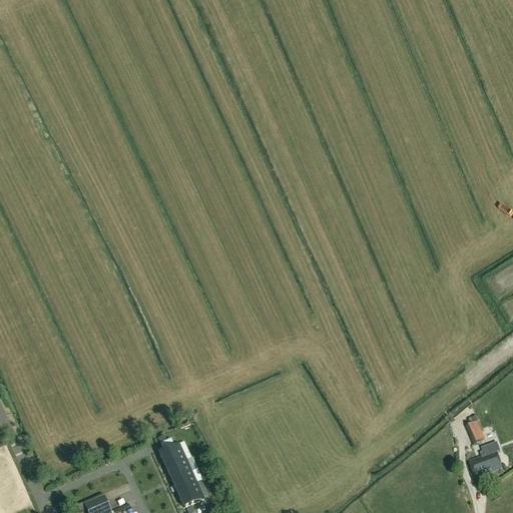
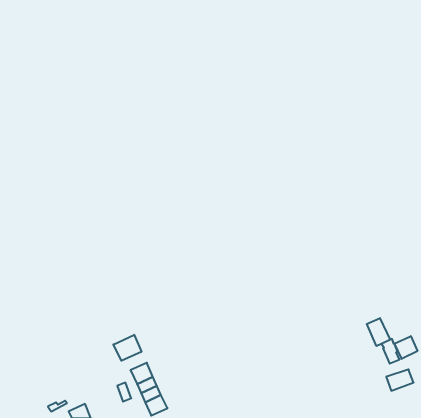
building: none -> [367,318,390,346]
building: none -> [113,335,141,361]
building: none -> [394,336,417,359]

